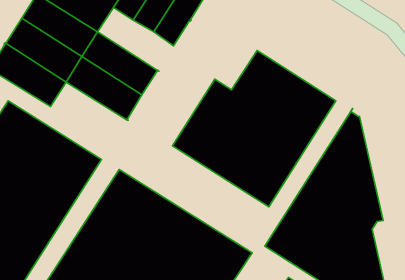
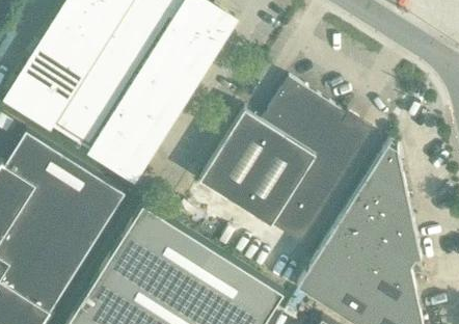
building: none -> [120,33,200,101]
building: none -> [71,112,152,179]

